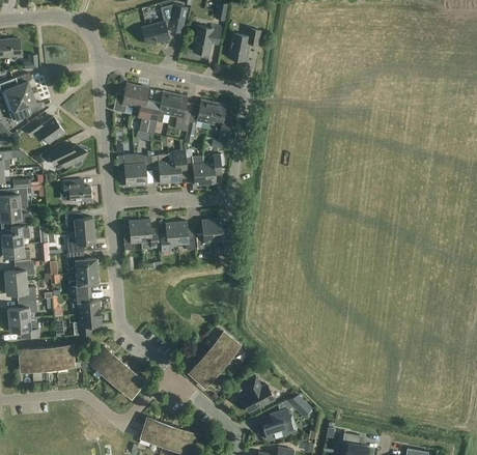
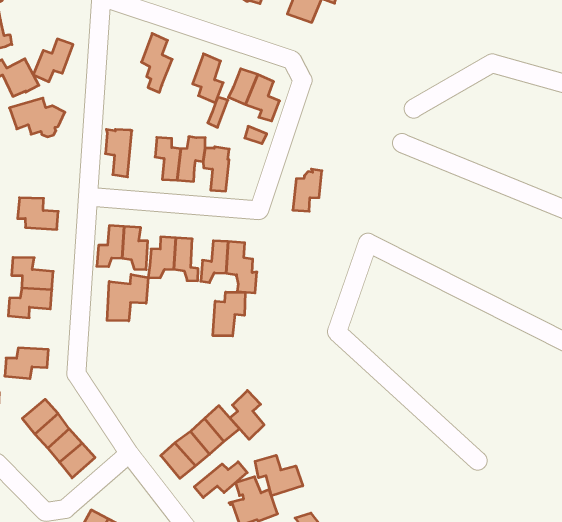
building: [113,83,137,113] -> [33,39,73,82]
building: [149,91,174,122] -> none
building: [134,153,152,186] -> none
building: [203,154,221,184] -> [293,169,322,211]
building: [63,179,91,201] -> none
building: [66,229,94,252] -> none
building: none -> [213,292,245,336]
building: none -> [107,274,148,321]
building: [72,292,101,314] -> none
building: none -> [230,390,264,439]
building: none -> [255,455,303,496]
building: none -> [194,462,247,498]

